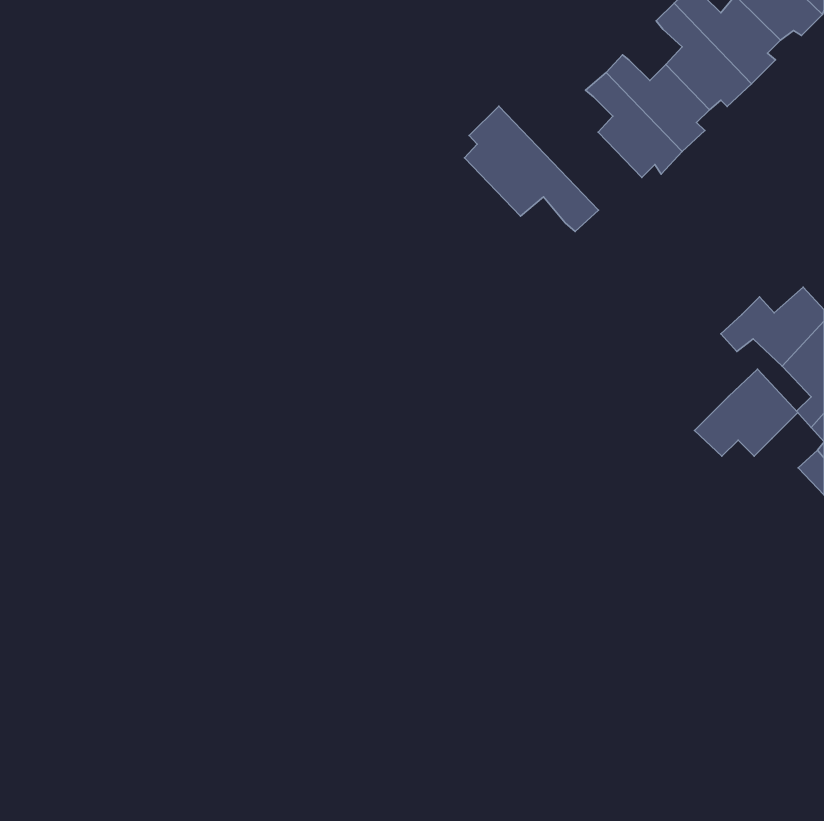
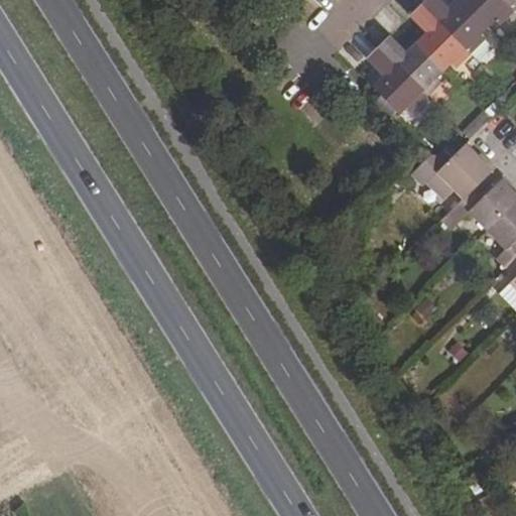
building: [465,106,599,232] -> none
building: [695,369,798,456] -> [426,142,491,197]

